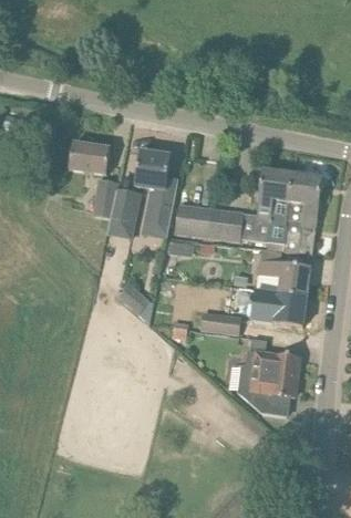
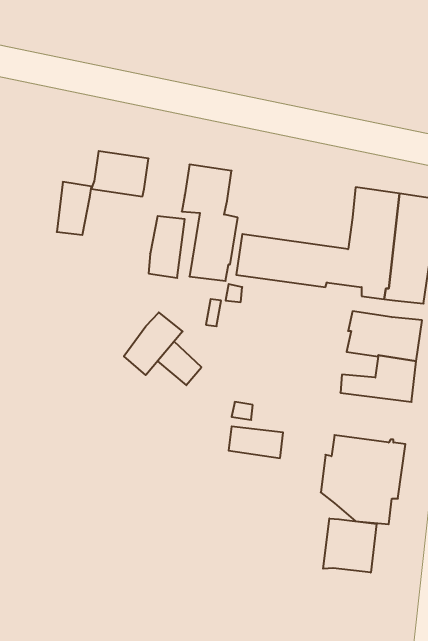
building: [93,178,118,217] -> [57,182,91,235]
building: none -> [124,312,183,375]
building: [202,311,241,334] -> [229,426,283,458]
building: none -> [323,518,377,573]

